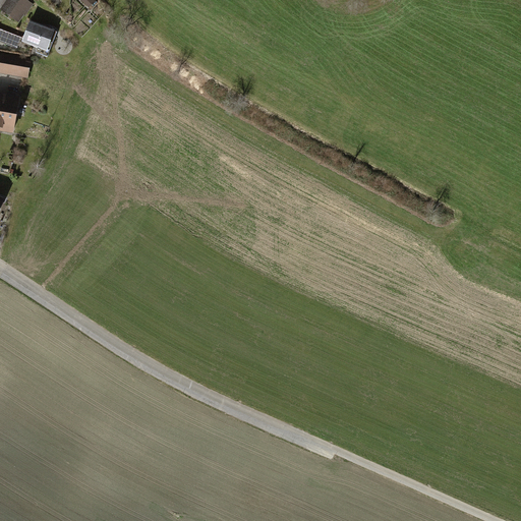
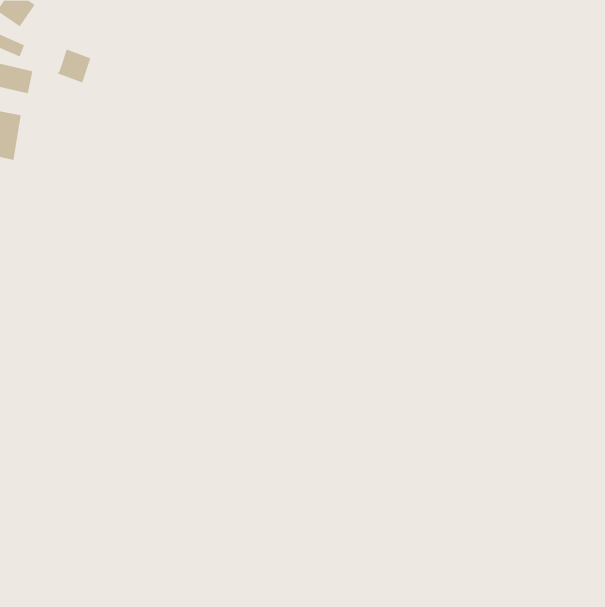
building: [19,20,49,50] -> [57,49,91,83]

